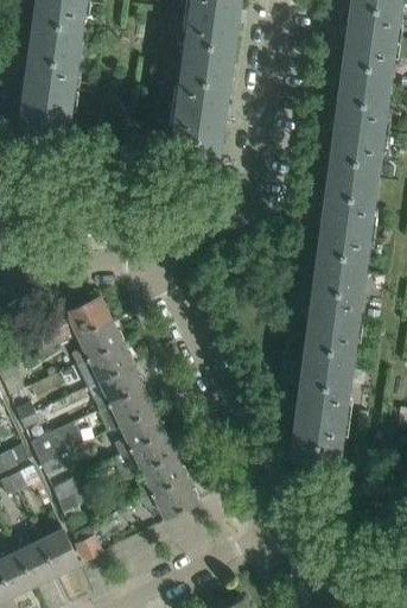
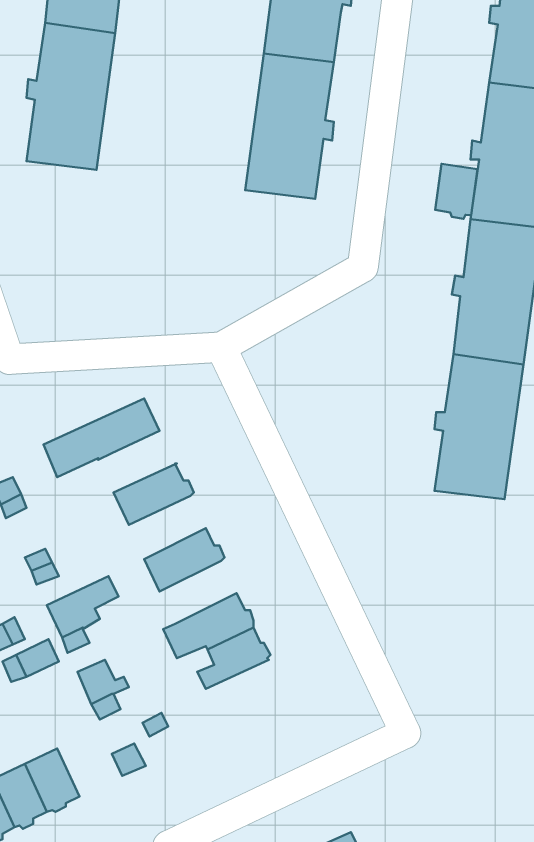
building: none -> [435,164,477,219]
building: [75,318,125,361] -> none
building: [290,360,351,462] -> none
building: [84,363,146,407] -> none
building: [112,408,167,452] -> none
building: [144,477,199,515] -> none
building: [40,528,80,572] -> none

